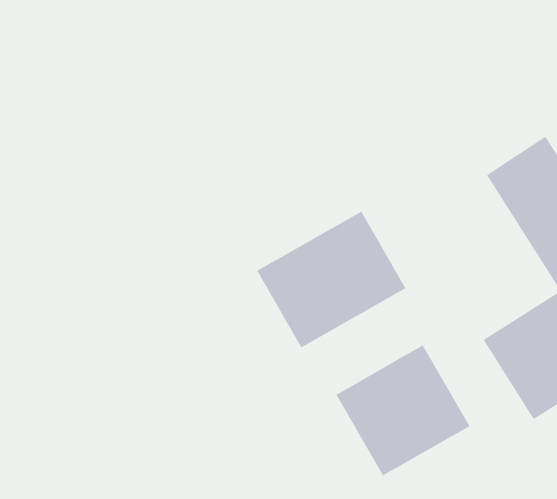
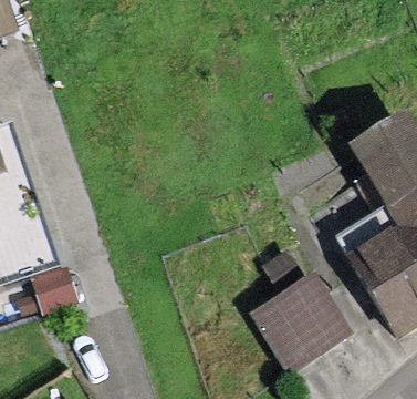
building: [257,211,406,348] -> none

